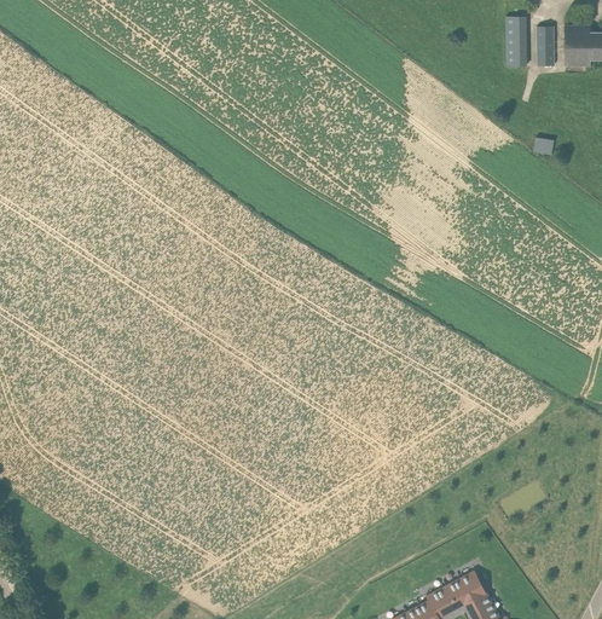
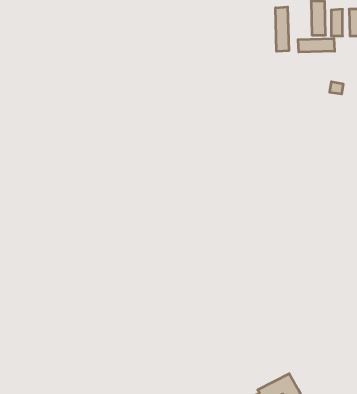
building: none -> [276,7,289,51]
building: none -> [298,39,335,52]

